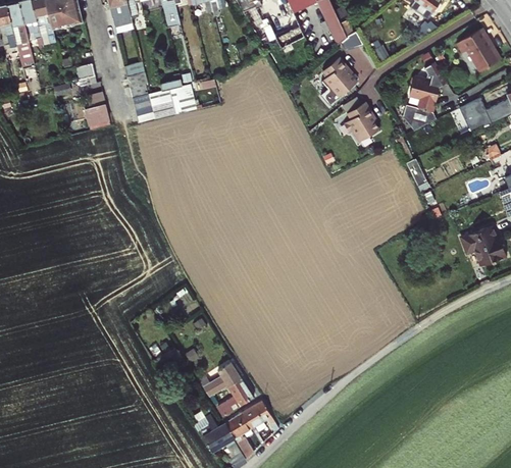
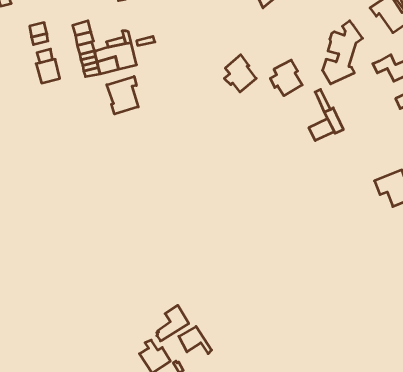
building: [321,54,357,96] -> [224,55,256,92]
building: none -> [107,76,138,114]
building: none -> [309,118,334,141]
building: [204,361,241,395] -> none
building: [223,411,251,438] -> none

